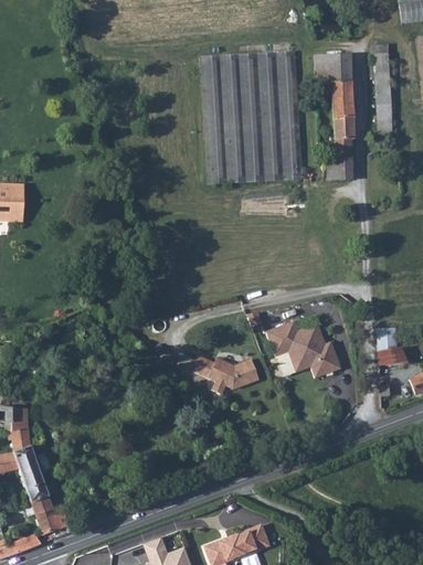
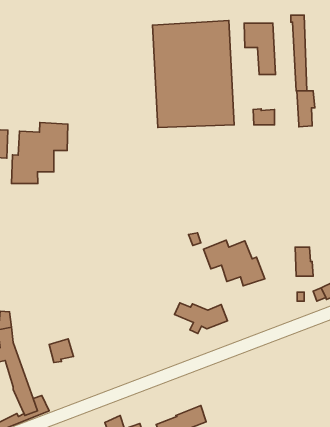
building: [332,117,355,161] -> [297,91,315,127]
building: none -> [12,122,68,184]
building: [192,356,257,394] -> [175,303,227,333]
building: none -> [49,339,74,363]

